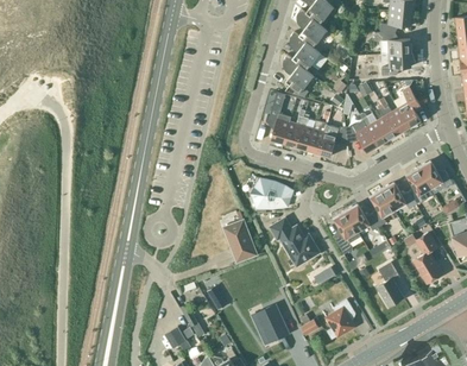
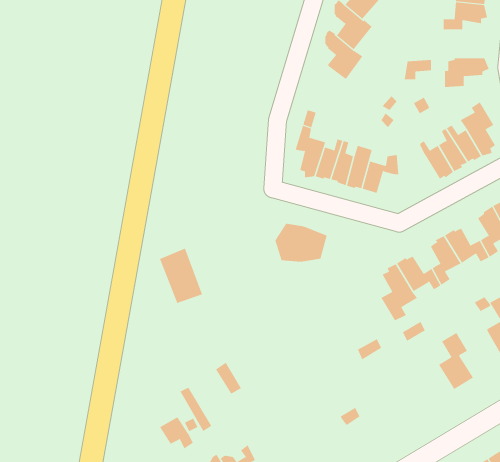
building: [376,31,414,52] -> none
building: [284,53,315,93] -> none
building: [347,119,379,151] -> none
building: [272,217,318,261] -> none
building: [225,219,258,261] -> [159,248,203,304]
building: [327,298,356,337] -> none
building: [258,305,290,342] -> none

